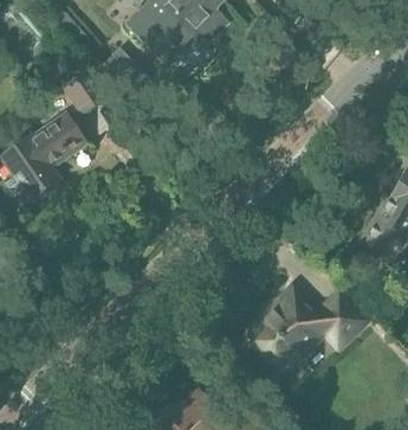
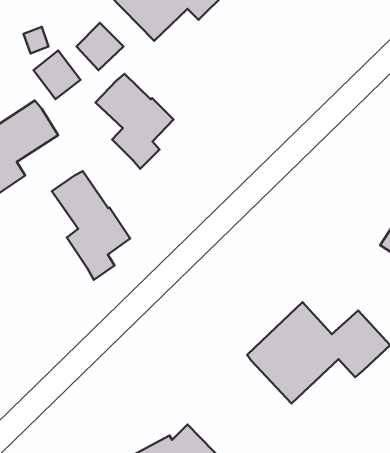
building: none -> [96,74,174,169]
building: none -> [52,171,130,280]

